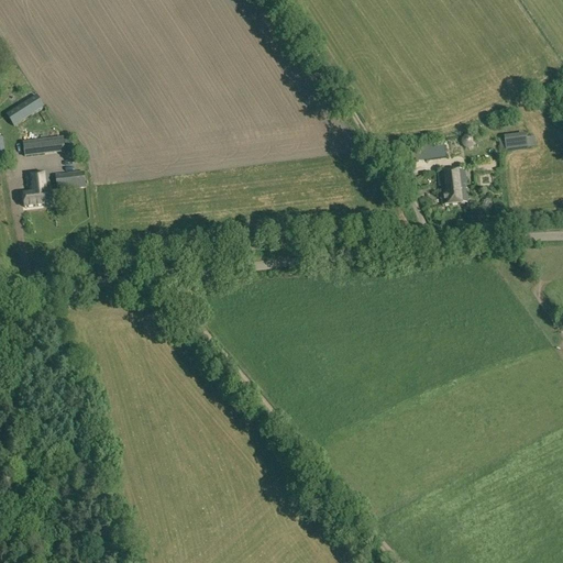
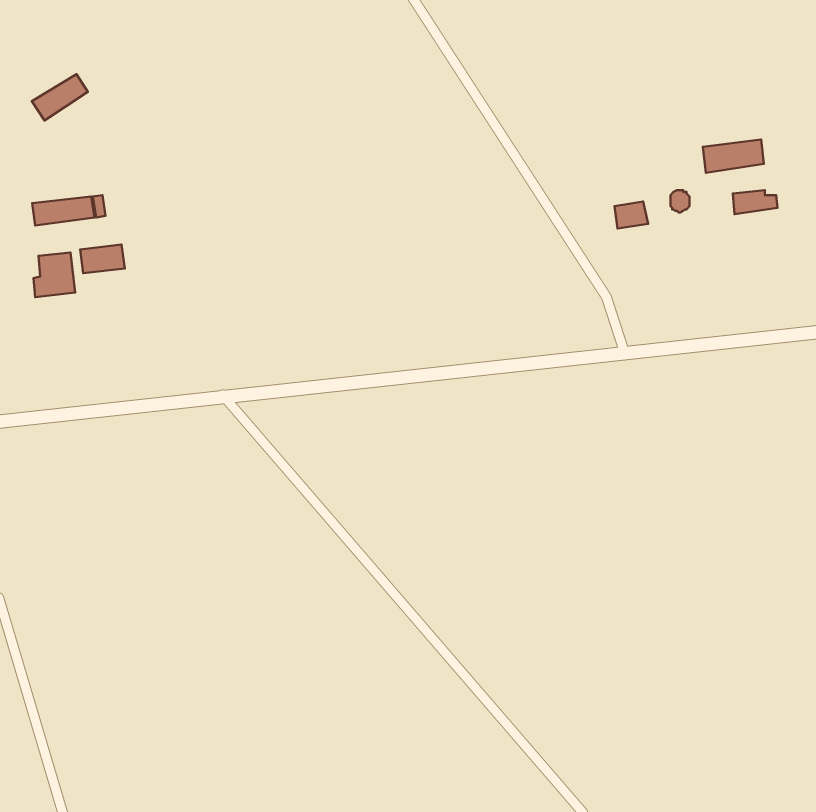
building: [5,92,44,124] -> [32,74,88,120]
building: none -> [703,139,764,173]
building: [438,168,466,202] -> none

